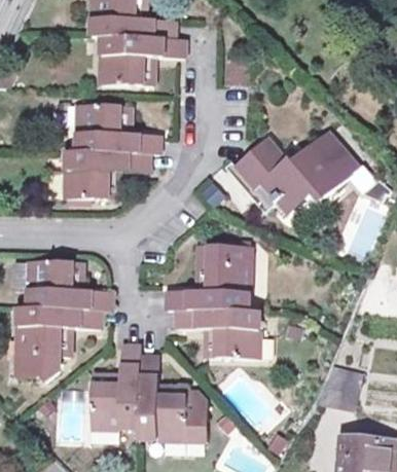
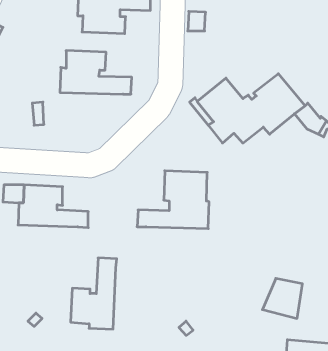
building: [66,151,150,201] -> none
building: [14,305,98,376] -> none
building: [176,307,259,357] -> none
building: [138,355,207,439] -> none

